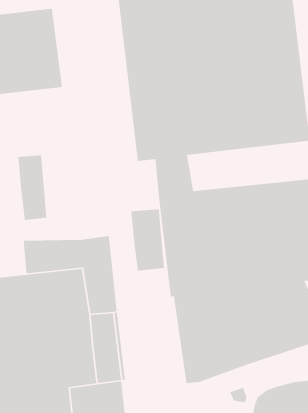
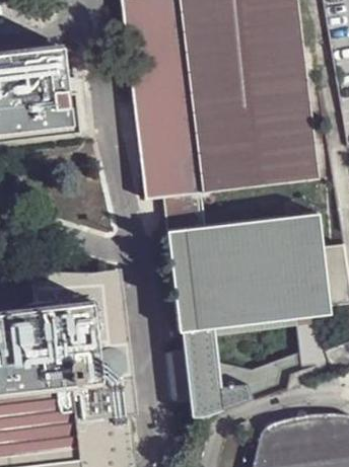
building: [17,155,47,221] -> none
building: [131,208,165,271] -> none

